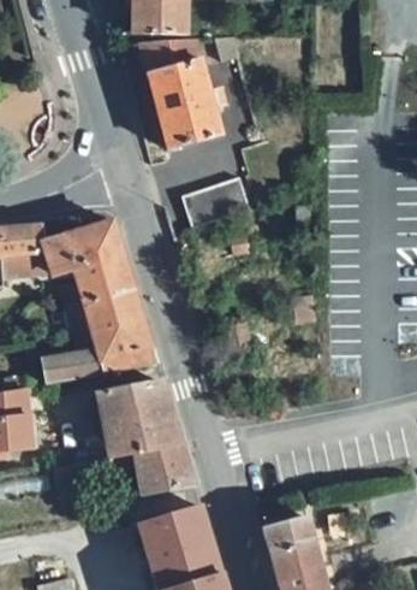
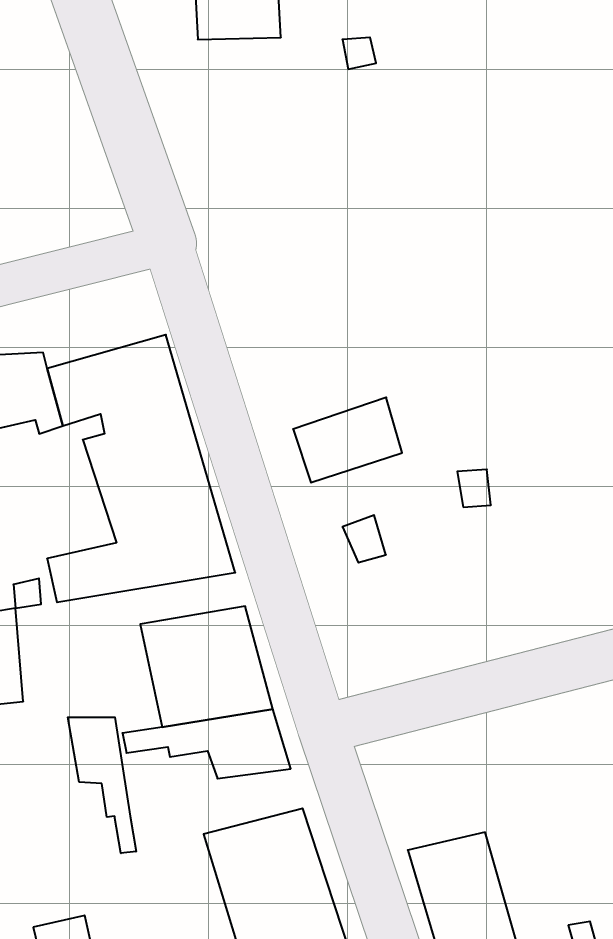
building: [144,45,228,151] -> none
building: [183,179,249,231] -> [293,397,402,483]
building: none -> [68,717,136,853]

